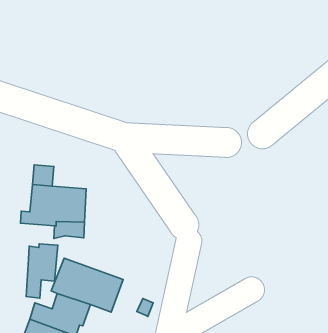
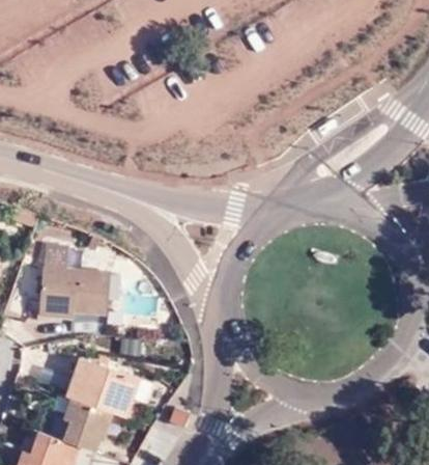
building: [26,244,58,298] -> none

